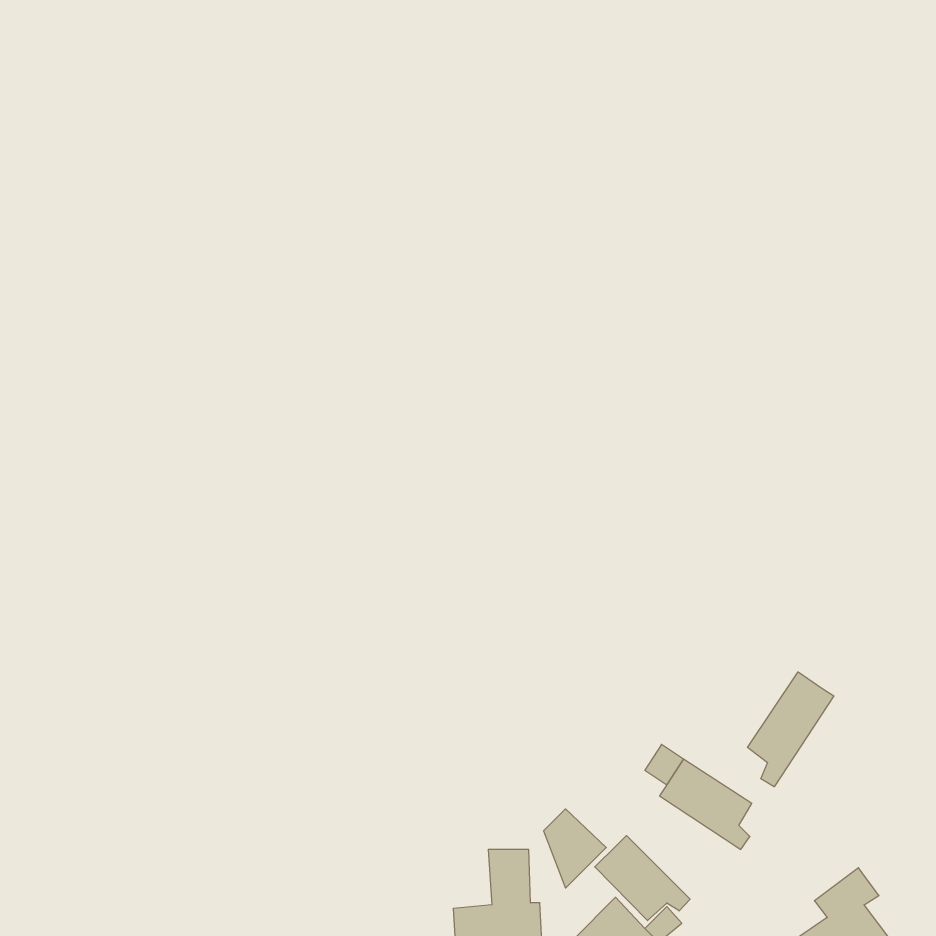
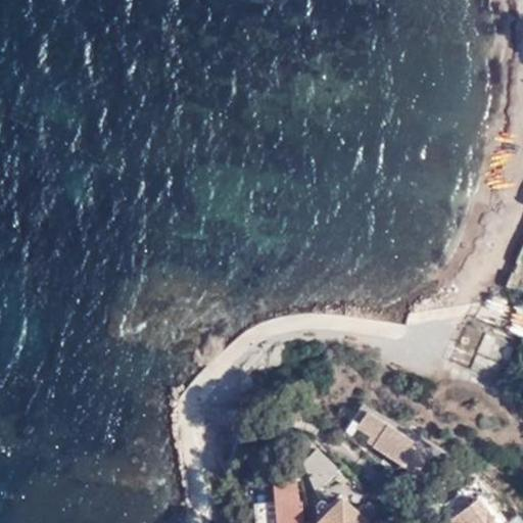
building: [748,672,834,787] -> none
building: [595,836,690,921] -> none

